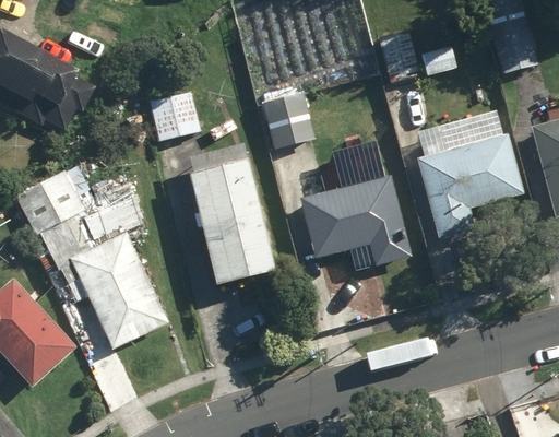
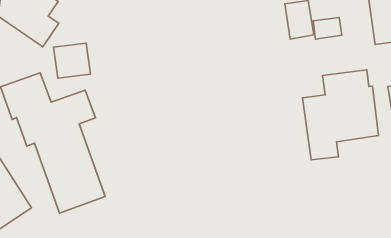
building: [148,90,202,141] -> [53,43,90,78]
building: [260,90,316,147] -> none
building: [300,157,409,264] -> none
building: [188,160,275,286] -> none

